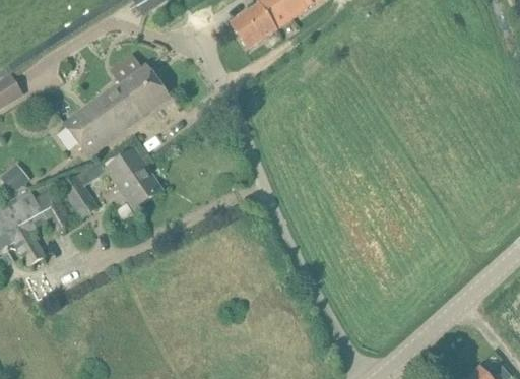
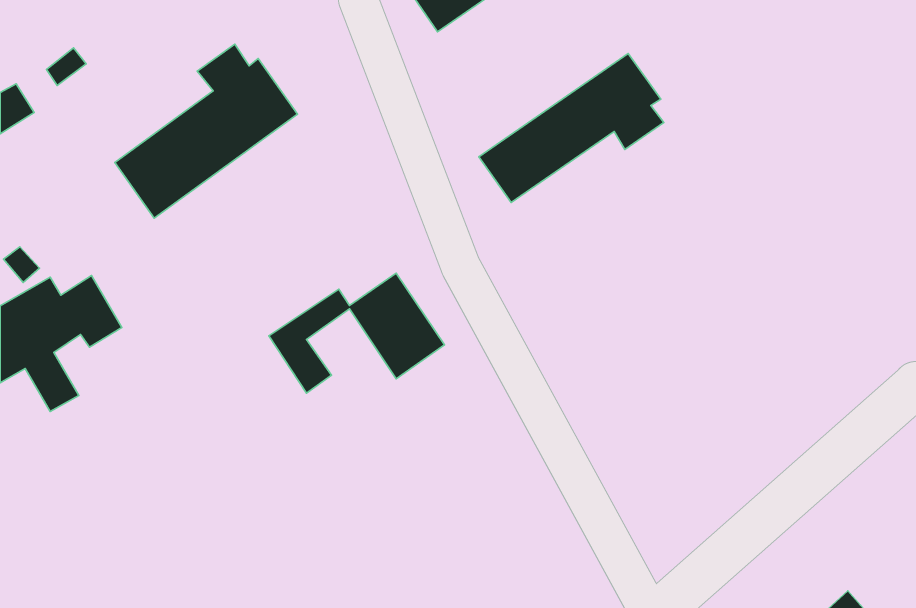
building: none -> [479,54,664,203]
building: [62,148,161,216] -> [269,273,444,393]

